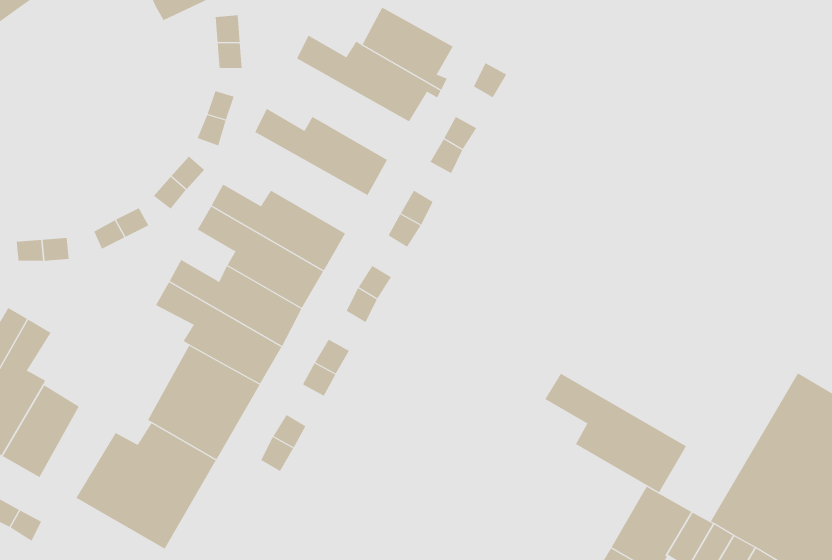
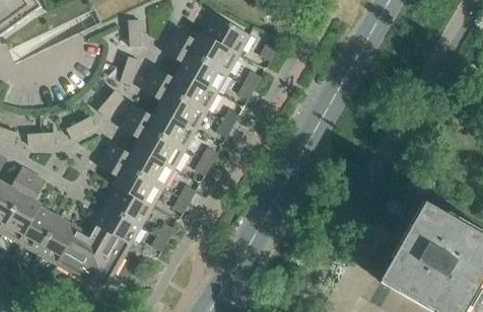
building: none -> [162,40,227,91]
building: none -> [141,77,206,129]
building: [545,373,687,493] -> none
building: none -> [39,217,78,263]

